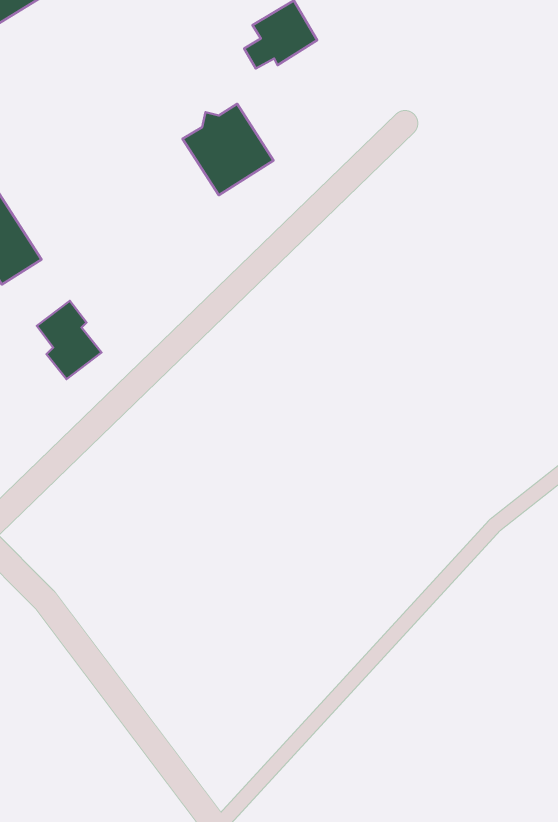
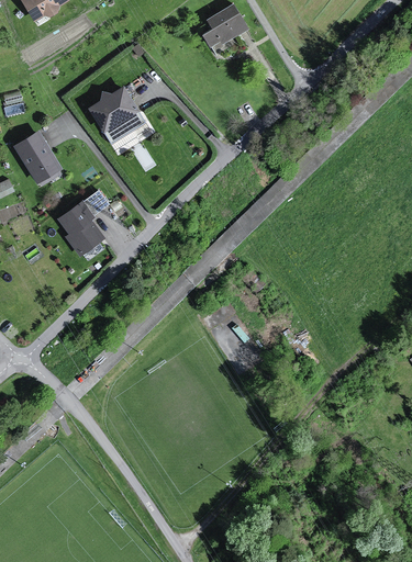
building: [182,104,274,195] -> [86,85,146,145]

